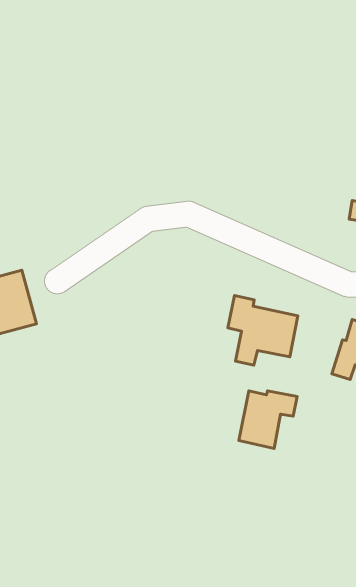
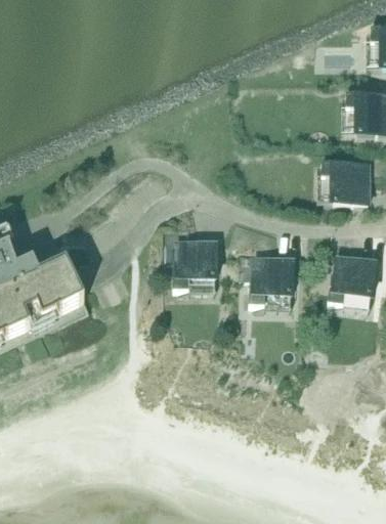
building: none -> [165,243,216,289]
building: [239,391,297,448] -> none

